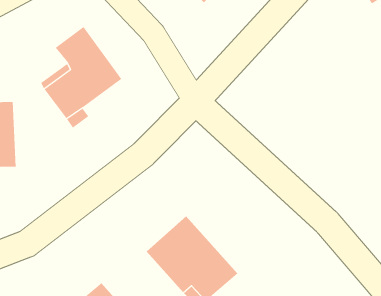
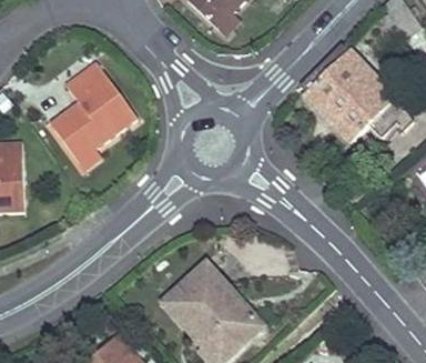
building: none -> [298,43,406,140]

